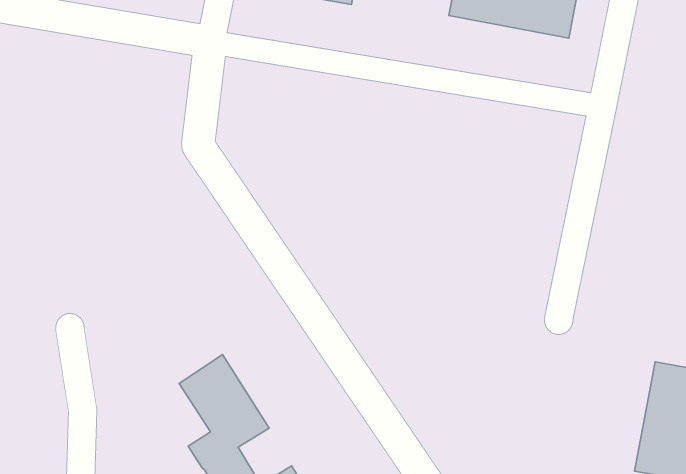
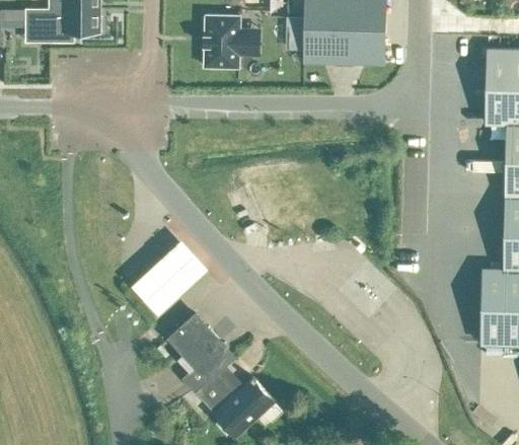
building: none -> [133,235,209,310]

